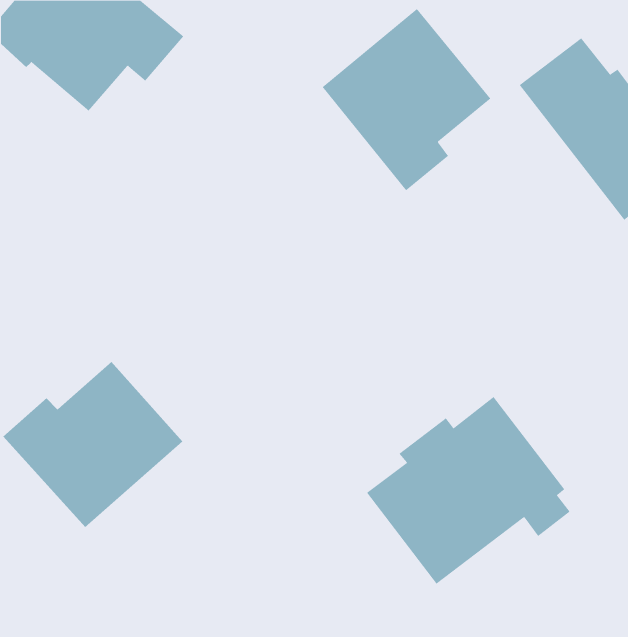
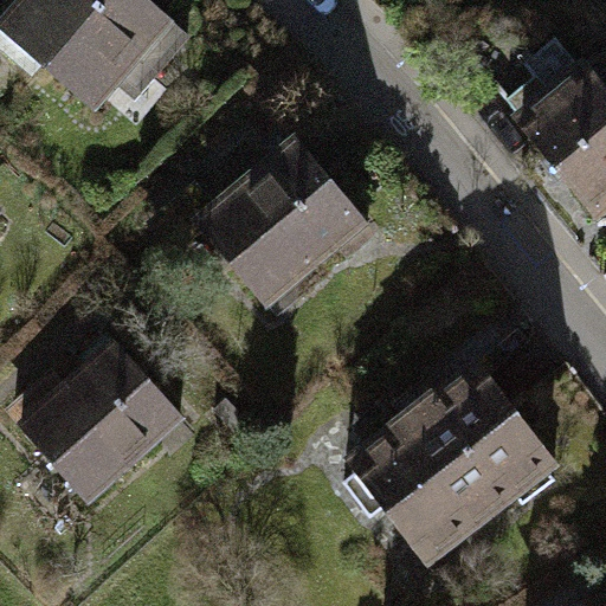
building: [322,8,491,191] -> none
building: none -> [201,144,360,309]

